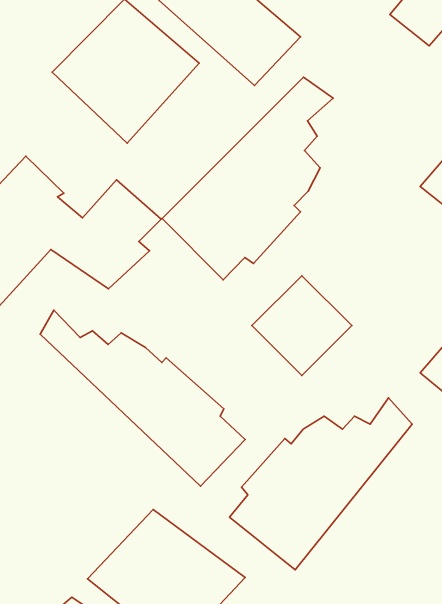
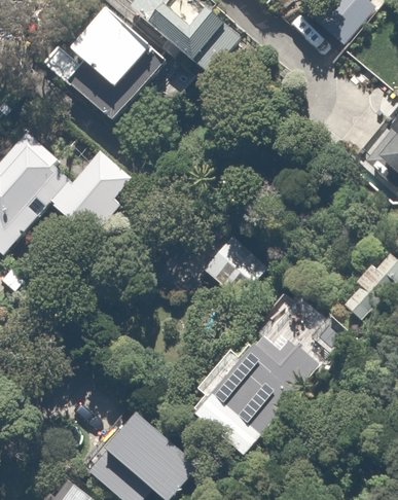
building: [162,77,333,280] -> none
building: [40,310,245,486] -> none

